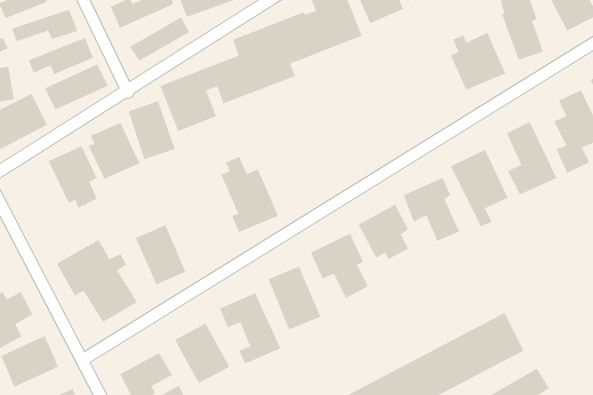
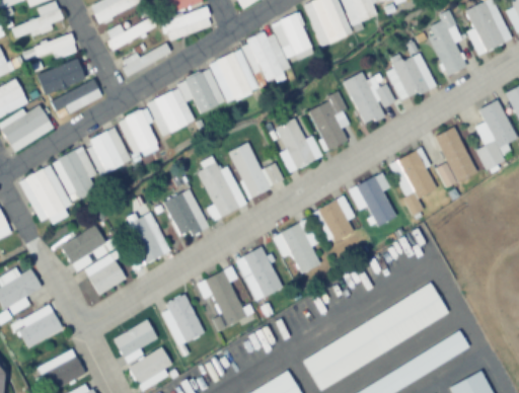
building: none -> [343,72,395,126]
building: none -> [307,94,347,150]
building: none -> [274,117,321,172]
building: none -> [228,142,284,200]
building: none -> [18,164,71,225]
building: none -> [163,189,207,239]

